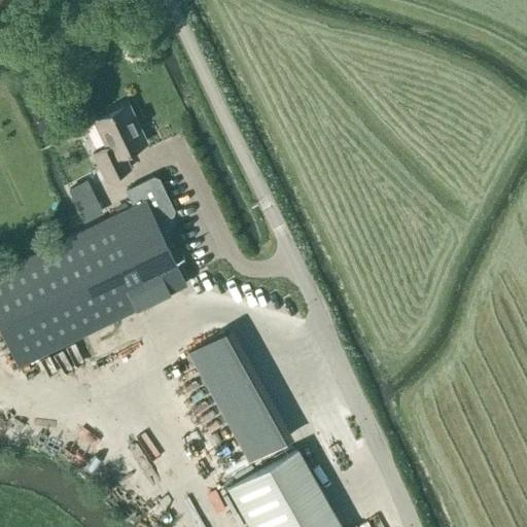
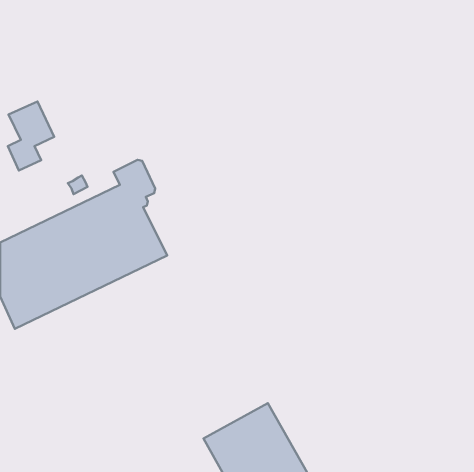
building: [94,107,145,183] -> [8,102,54,170]
building: [188,331,289,462] -> none

